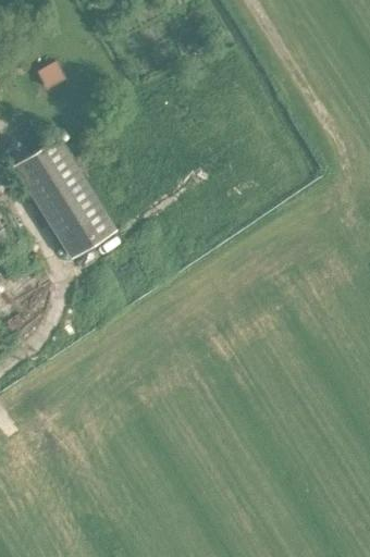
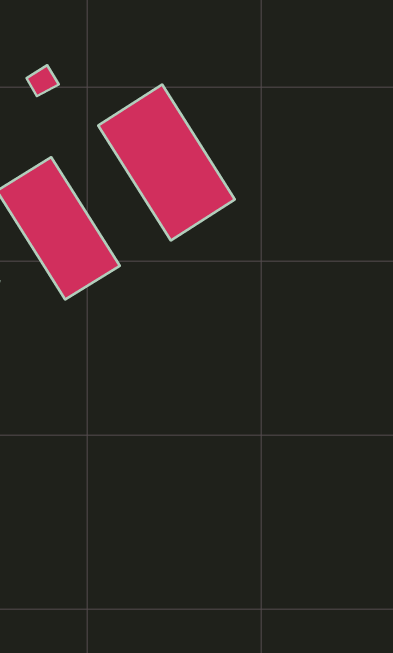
building: none -> [98,84,235,241]

